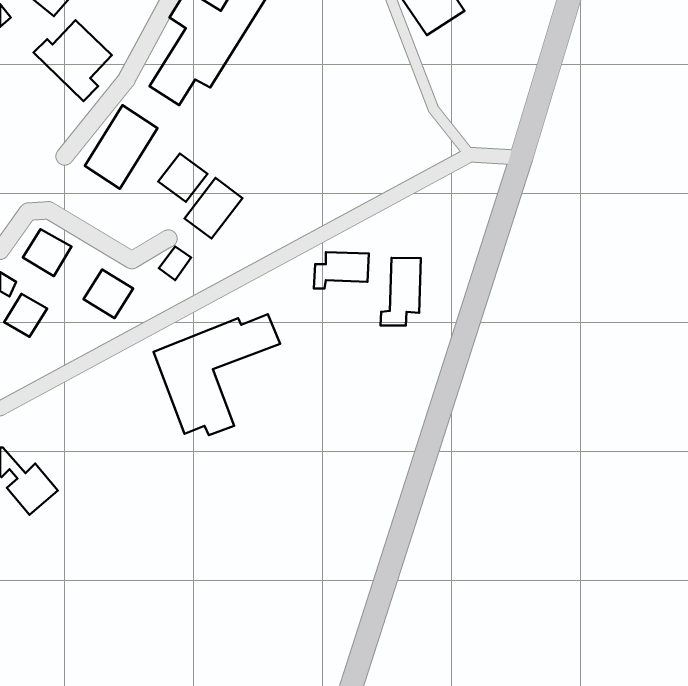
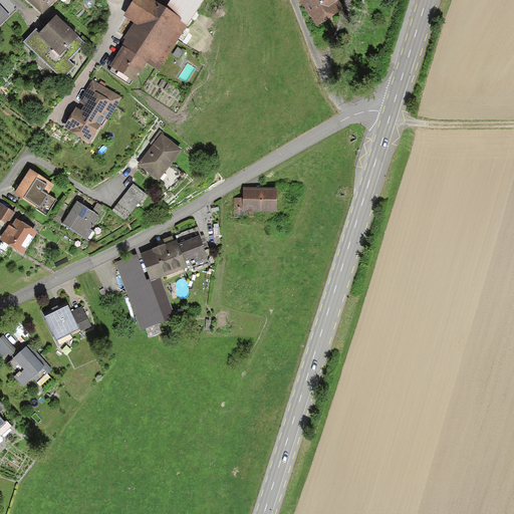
building: [158,153,207,202] -> none
building: [381,258,421,326] -> none
building: none -> [42,303,88,340]

